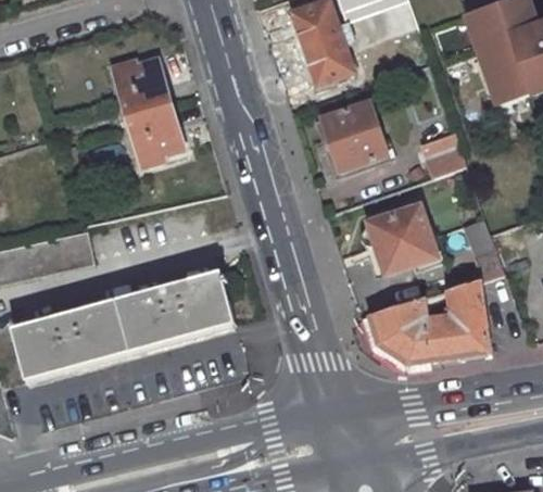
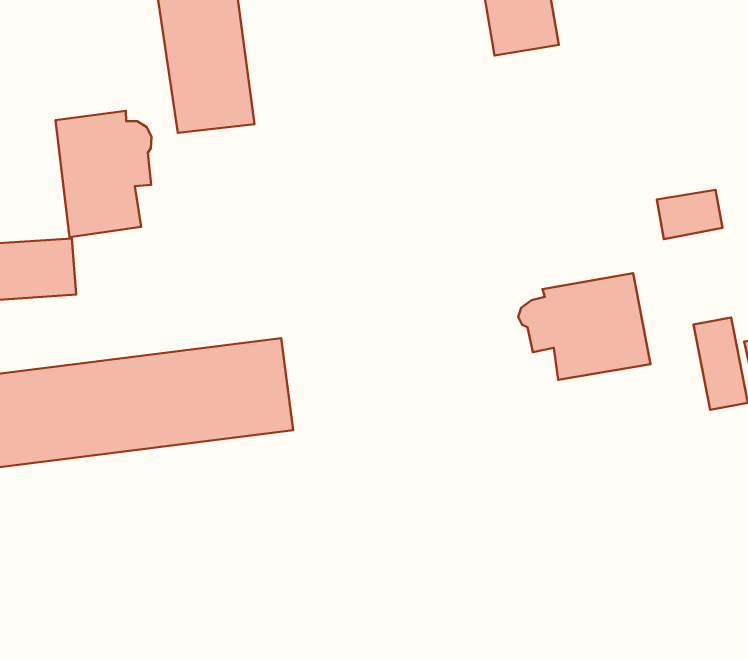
building: [323,102,388,168] -> none
building: none -> [55,111,152,237]
building: [369,276,489,361] -> none

